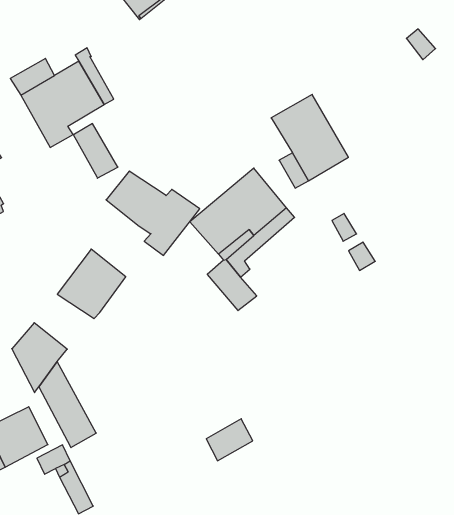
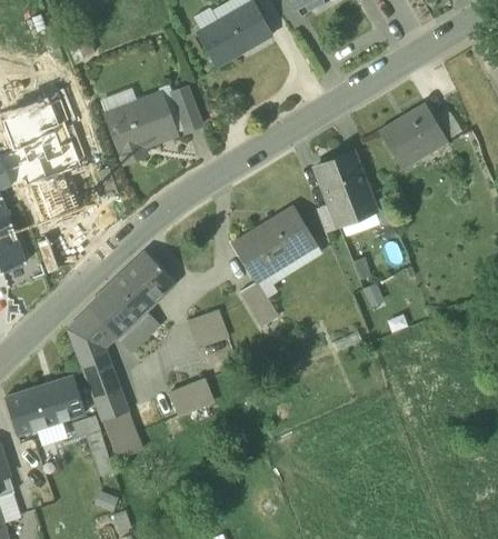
building: none -> [379,103,446,164]
building: [73,124,118,178] -> [170,84,203,131]
building: [106,171,200,255] -> [88,287,166,362]
building: none -> [187,309,229,347]
building: [206,419,253,461] -> [168,377,207,409]
building: none -> [102,409,139,458]

